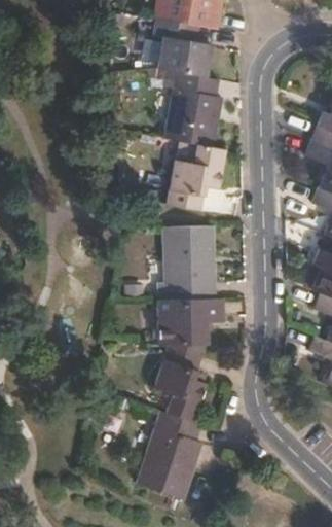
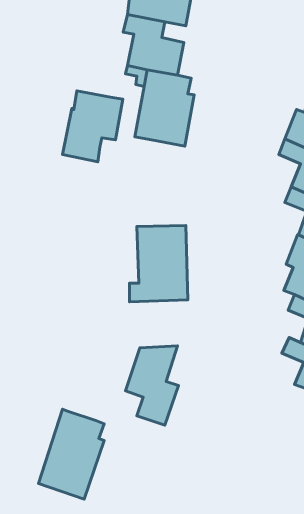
building: [165,140,225,210] -> [62,91,123,162]
building: [157,297,223,345] -> none
building: [137,410,201,498] -> [38,409,104,499]

